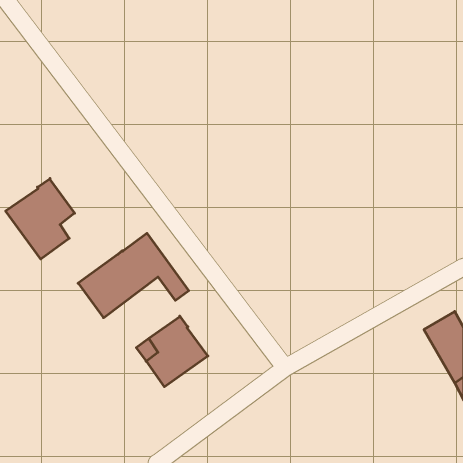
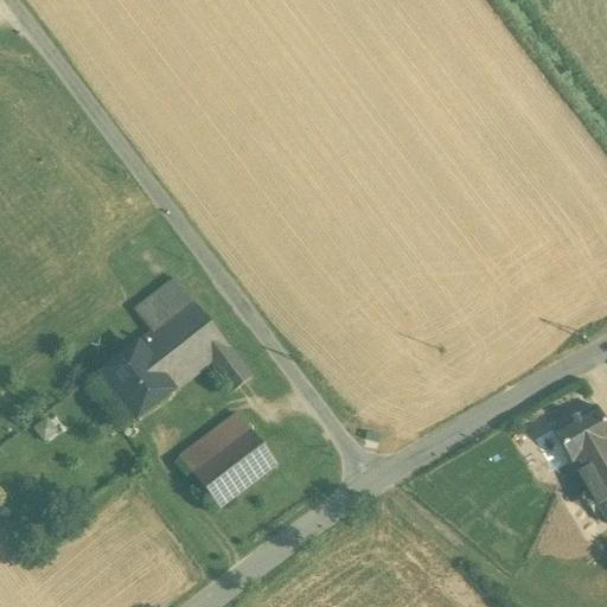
building: [6,178,75,259] -> none
building: none -> [138,281,193,332]

